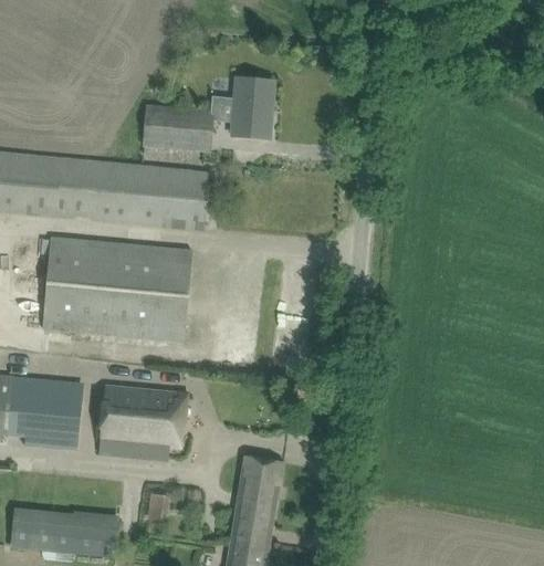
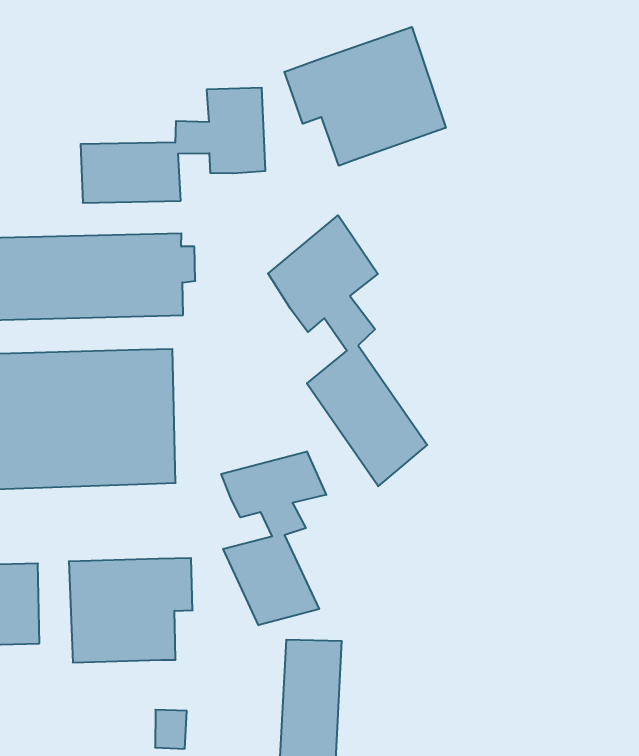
building: none -> [284,27,446,166]
building: none -> [268,215,427,486]
building: none -> [221,451,326,625]

